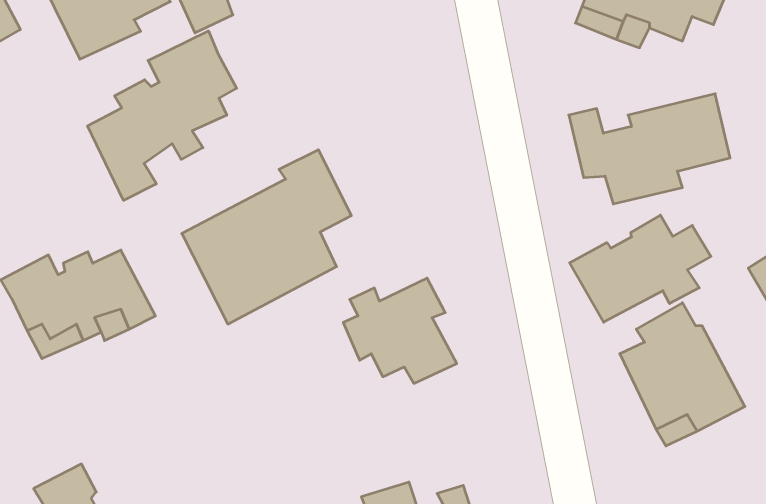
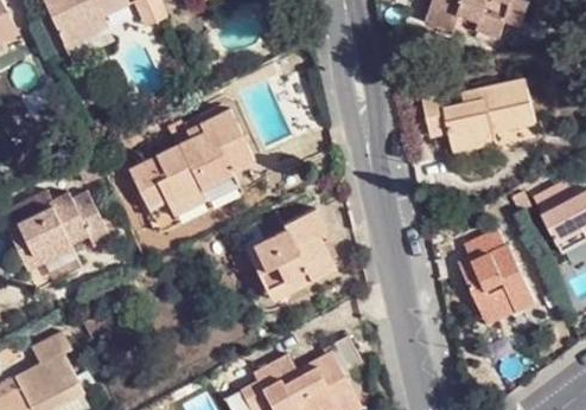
building: [88,31,237,200] -> none
building: [570,215,711,322] -> none
building: none -> [240,238,302,299]

